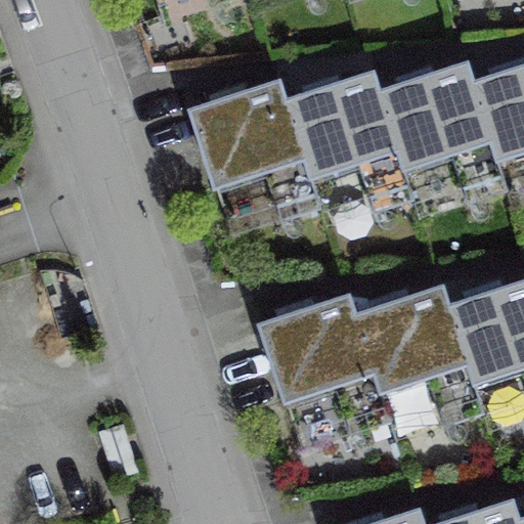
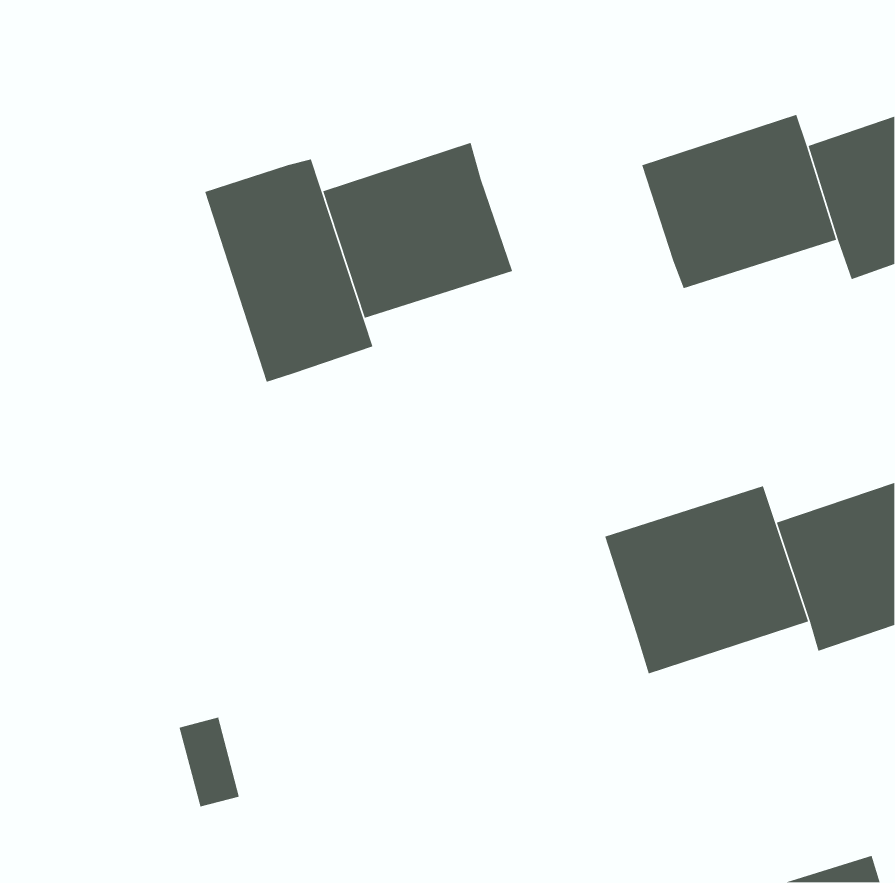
building: [281,77,393,180] -> none
building: none -> [204,159,374,383]
building: [259,297,372,398] -> none

